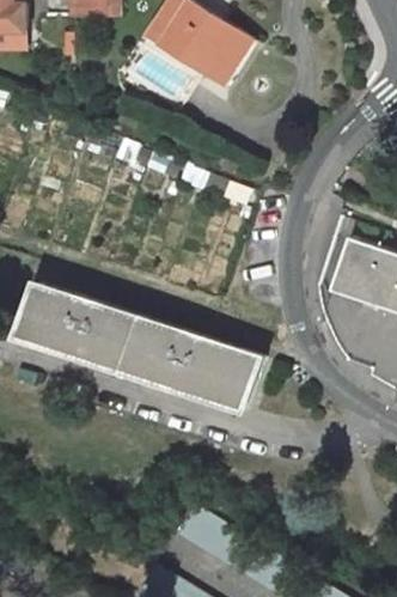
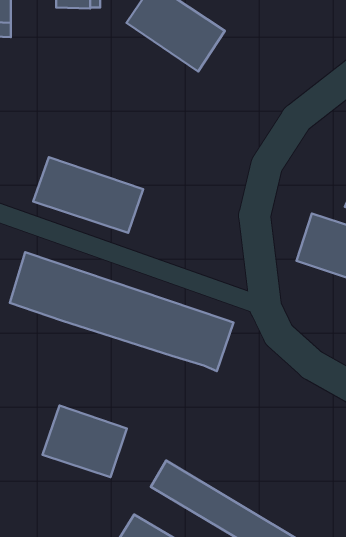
building: none -> [33,157,143,233]
building: none -> [42,406,127,477]

